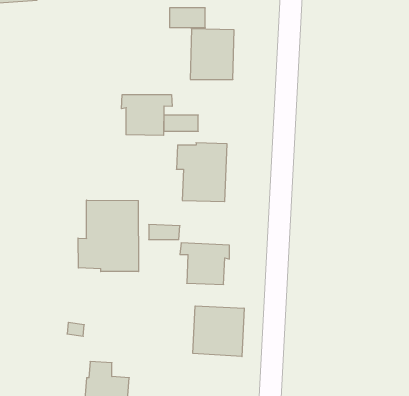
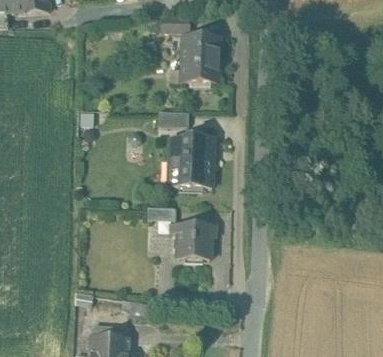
building: [122,95,172,135] -> none
building: [78,200,139,272] -> none
building: [193,306,244,357] -> none

